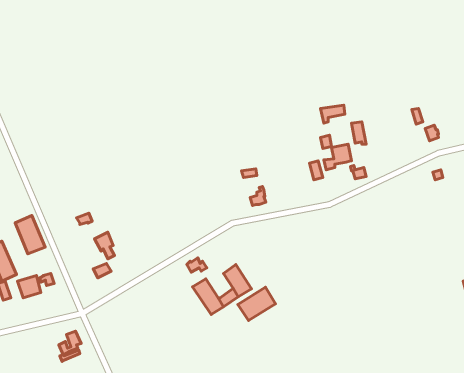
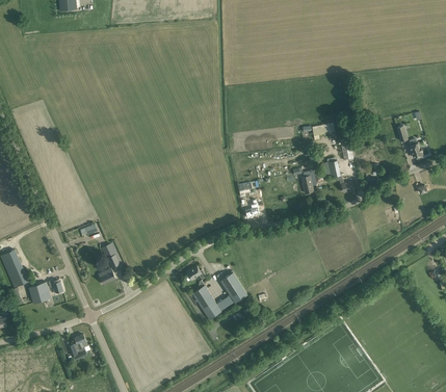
building: [15,215,45,254] -> none
building: [238,287,276,320] -> none

